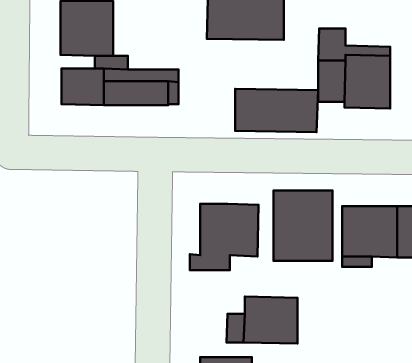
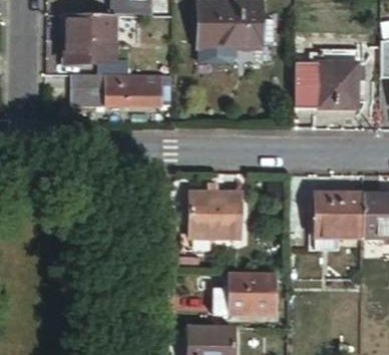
building: [235,89,318,132] -> none
building: [274,190,333,261] -> none

